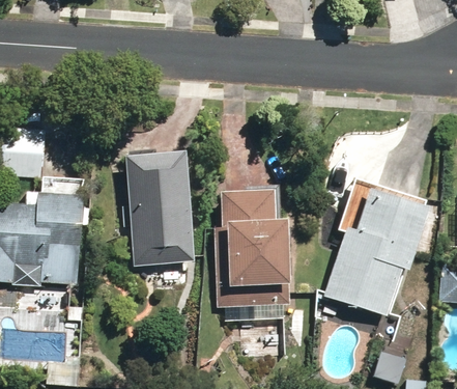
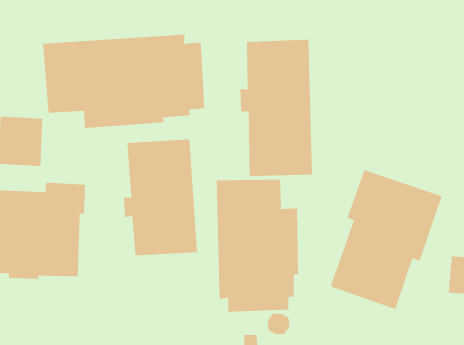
building: none -> [43,34,205,129]
building: none -> [240,39,312,177]

